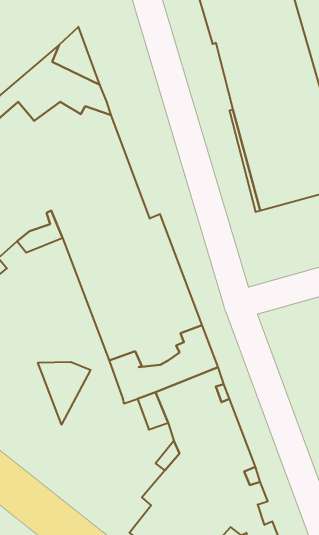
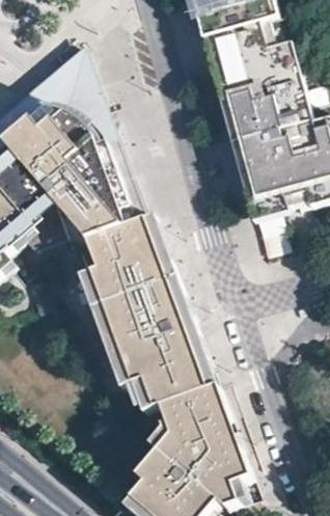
building: [38,362,91,425] -> none

